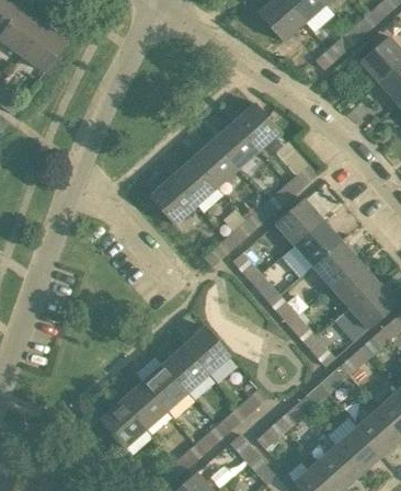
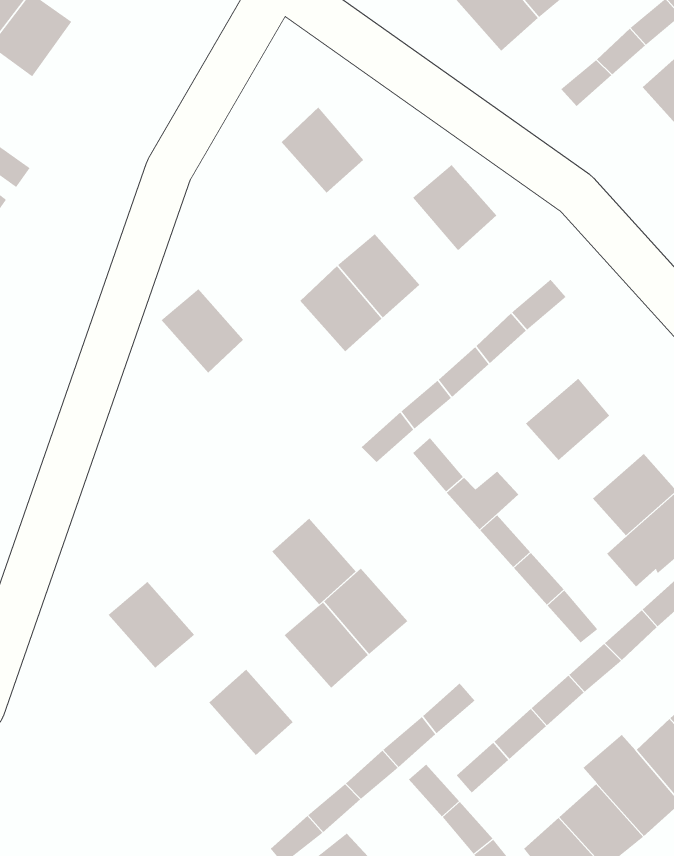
building: [22,24,67,70] -> none
building: [211,122,257,170] -> [281,107,364,194]
building: [149,179,195,226] -> [161,288,244,374]
building: [275,198,324,247] -> none
building: [313,242,360,288] -> none
building: [140,364,187,412] -> [272,518,357,605]
building: [98,401,146,449] -> [108,581,195,668]

